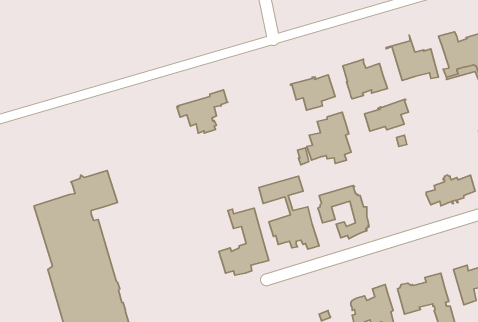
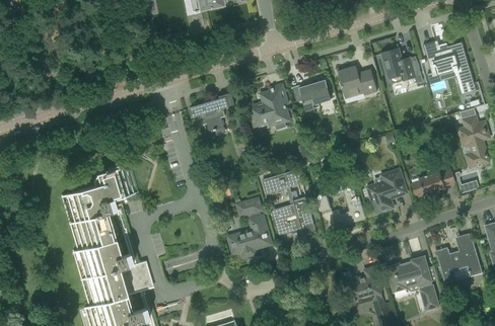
building: [365,99,408,131] -> none
building: [307,112,351,163] -> [251,84,290,130]
building: none -> [366,169,406,212]

